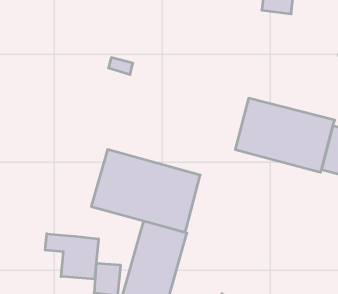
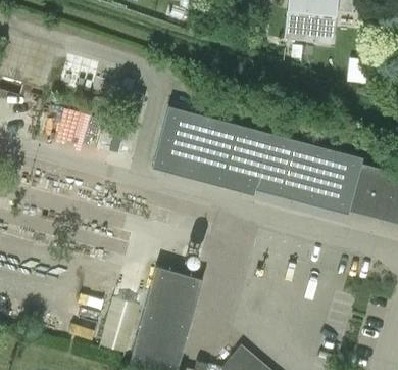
building: [91,150,200,232] -> [152,106,269,195]
building: [45,234,98,279] -> none

